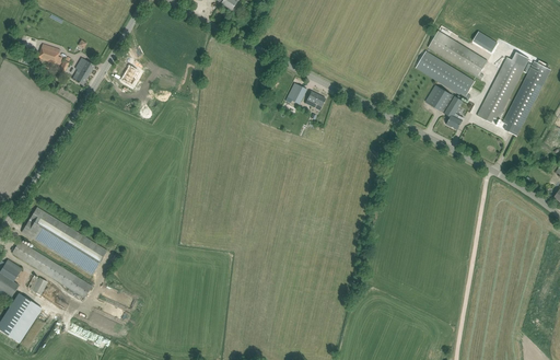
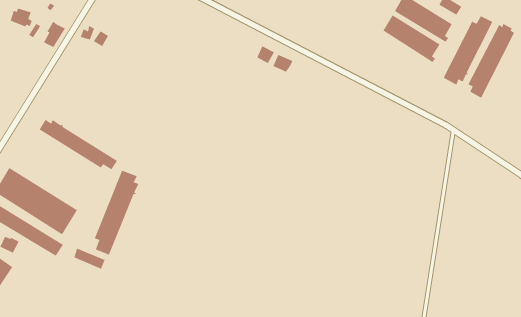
building: [424,84,464,130] -> none
building: none -> [39,119,118,170]
building: none -> [94,170,139,256]

